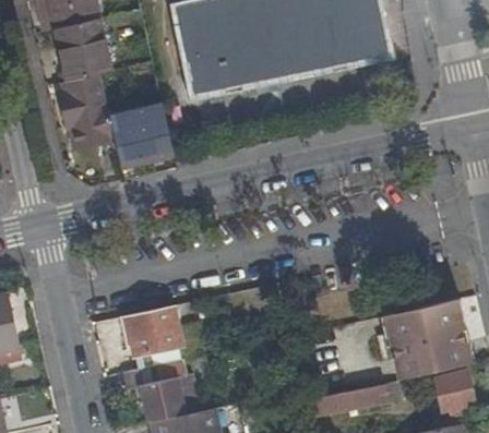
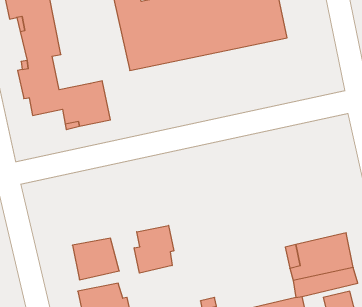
building: none -> [134,225,174,273]

